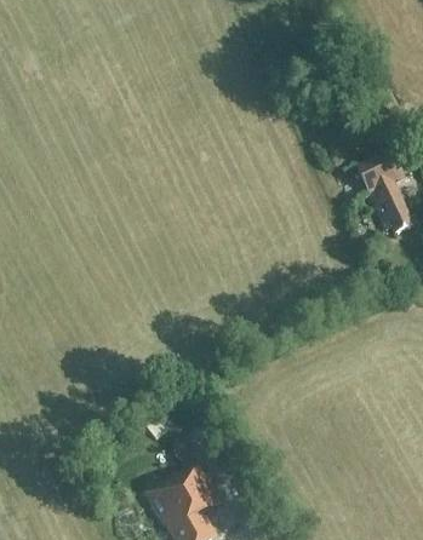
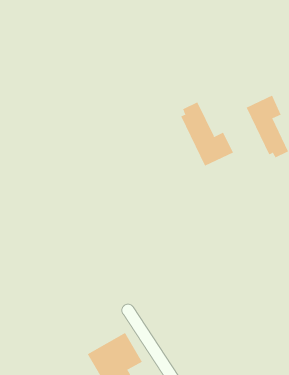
building: none -> [180,102,234,167]

